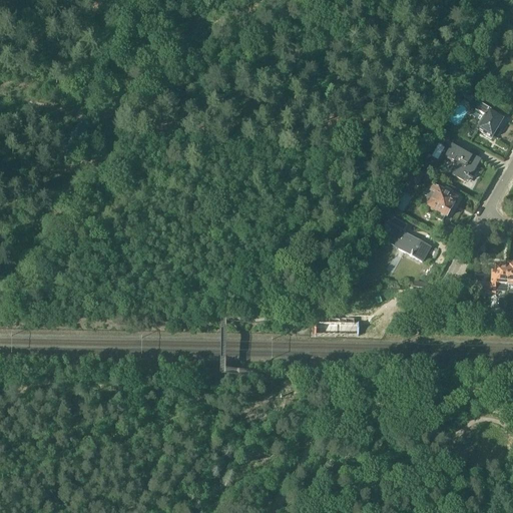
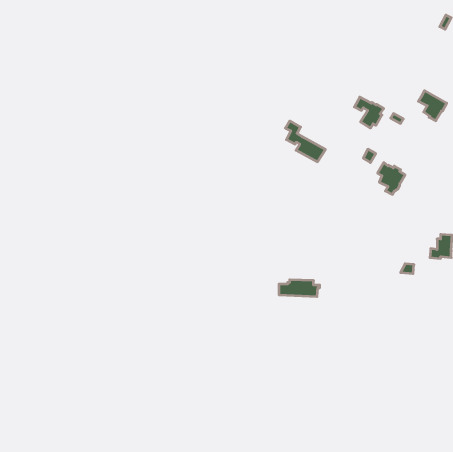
building: [447,144,480,179] -> [354,97,384,128]
building: [387,214,432,261] -> [285,121,325,162]

